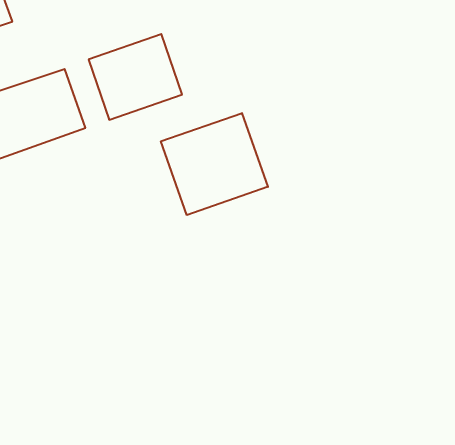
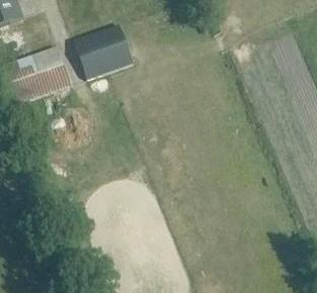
building: [161,113,268,215] -> none

